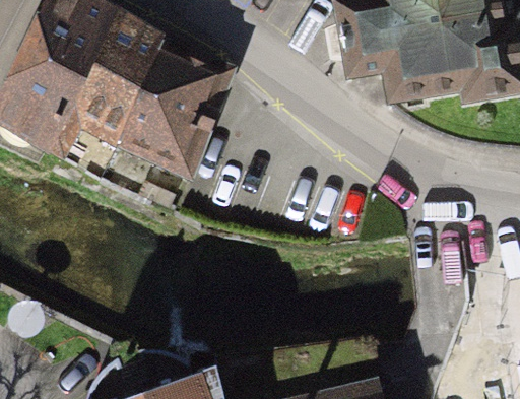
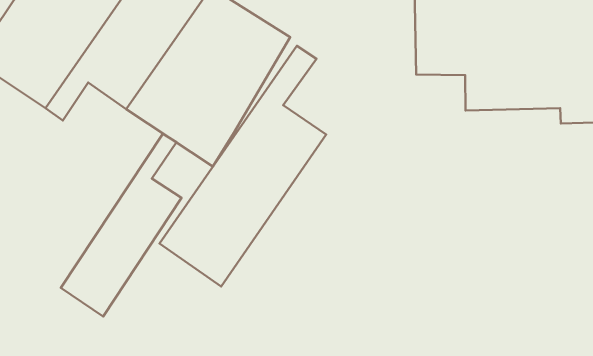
building: none -> [160,46,326,287]
building: none -> [61,134,182,317]

